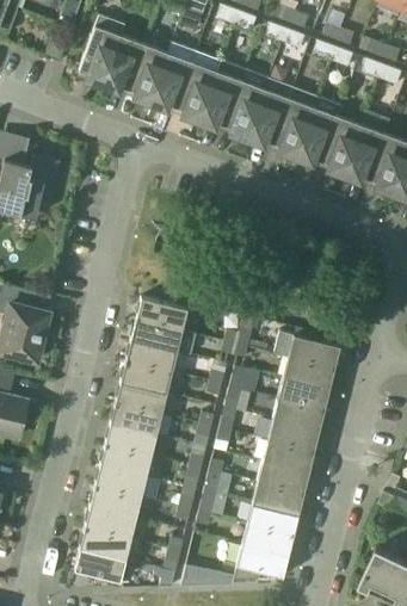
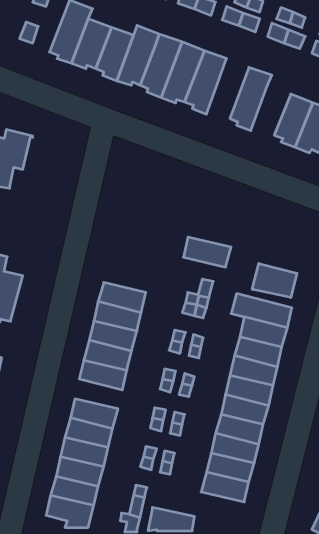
building: [247,79,292,144] -> none
building: [295,107,338,162] -> none
building: [136,298,187,330] -> [183,237,231,267]
building: none -> [252,263,297,298]
building: [105,423,156,456] -> none
building: [233,545,288,580] -> none

